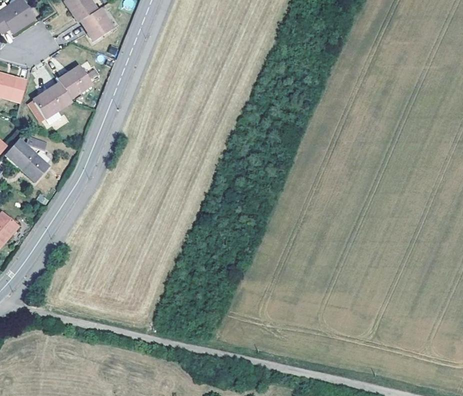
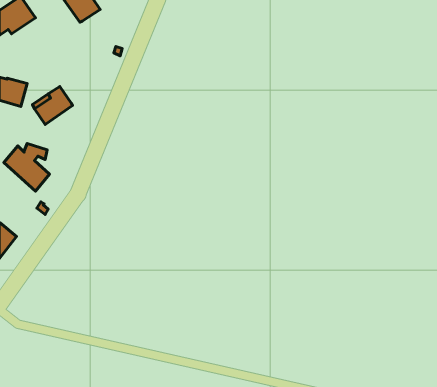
building: [79,8,112,41] -> none
building: [57,65,91,99] -> none

